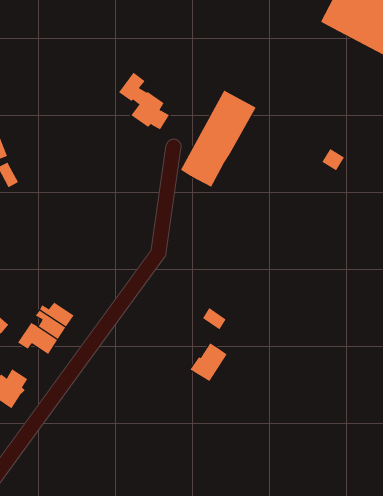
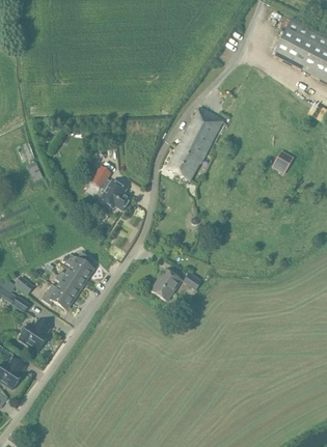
building: [118,72,170,130] -> [89,165,129,209]
building: none -> [66,250,93,278]
building: [189,342,227,382] -> [152,269,181,299]

